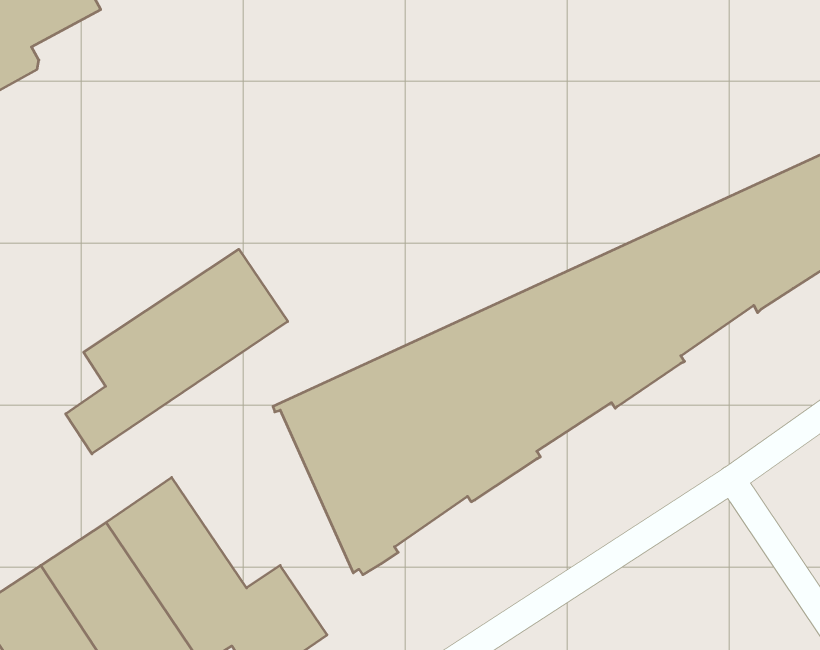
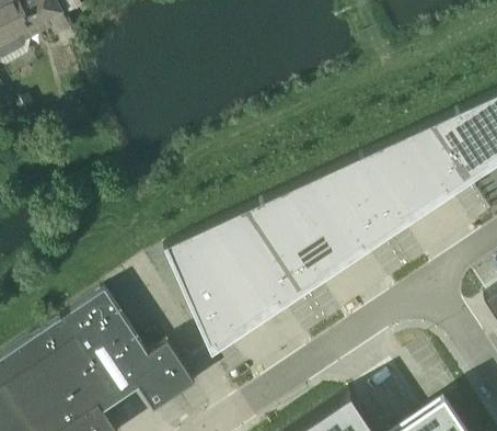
building: [66,249,288,454] -> none

